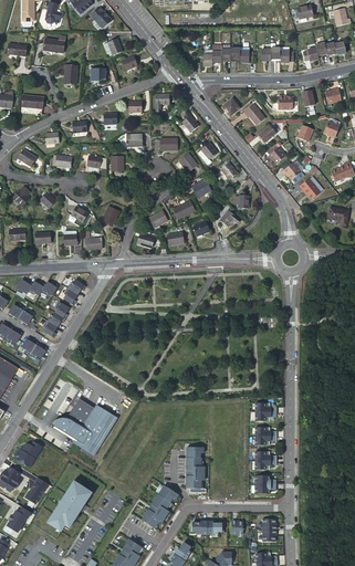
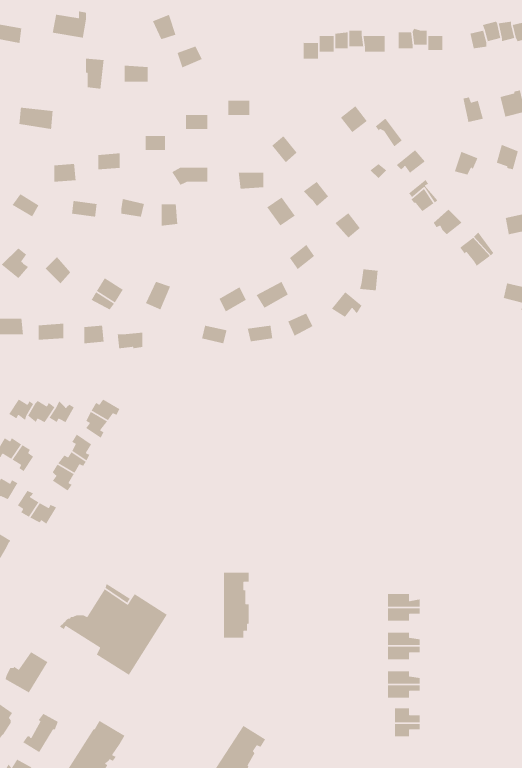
building: [187,448,203,490] -> [223,572,250,639]

